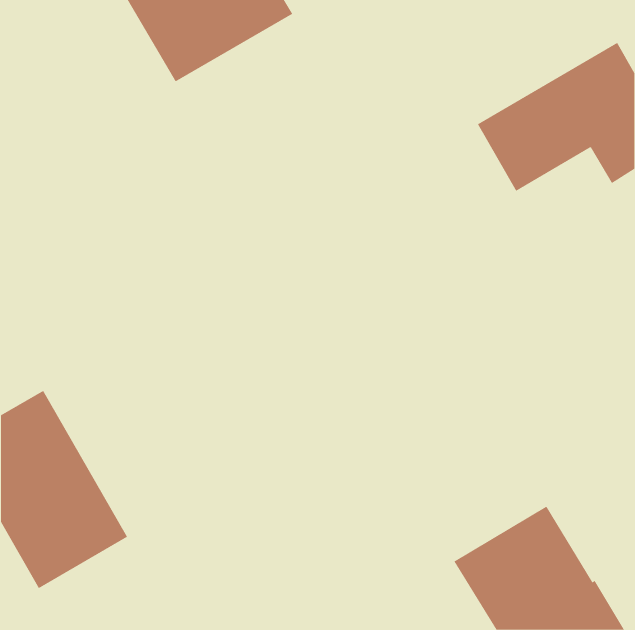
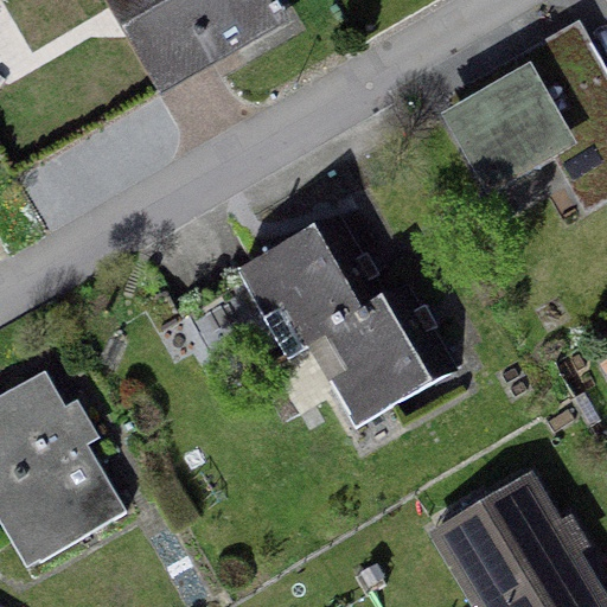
building: none -> [175,216,452,429]

